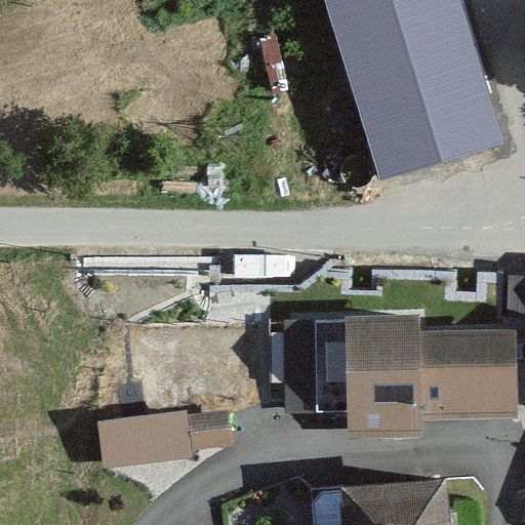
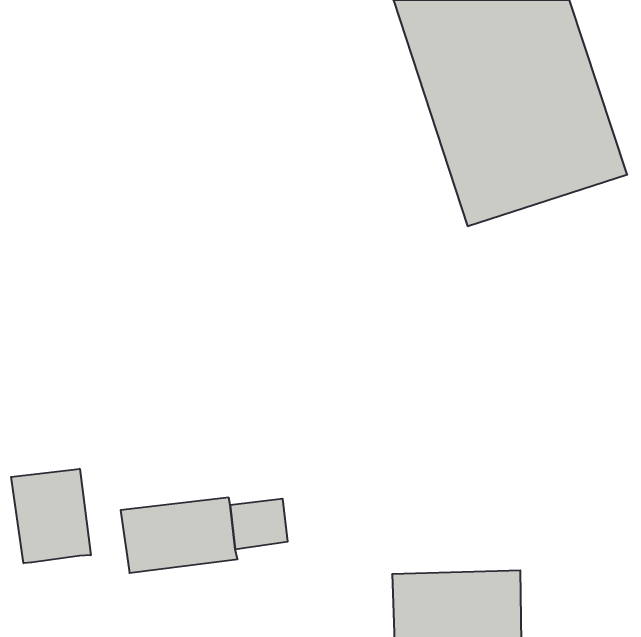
building: [296,311,504,415] -> none
building: none -> [11,469,91,563]

